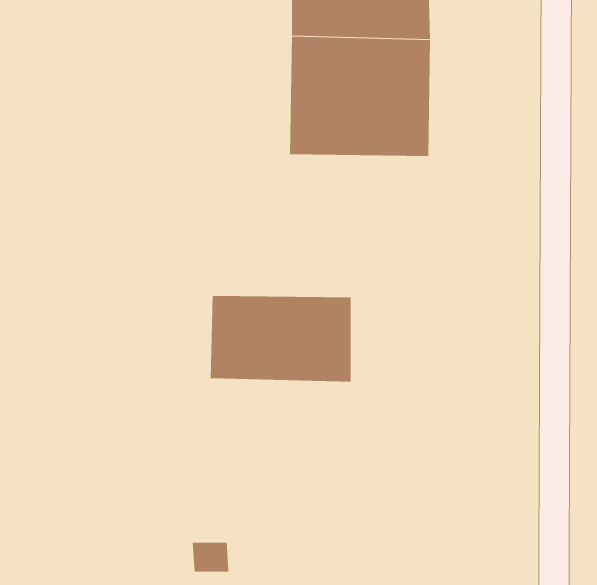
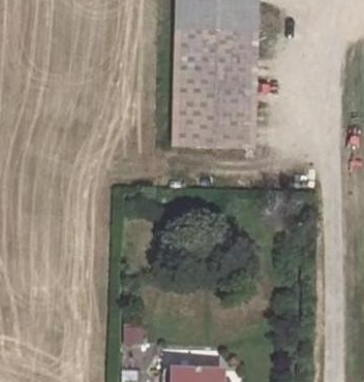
building: [210,295,352,382] -> [173,95,255,146]

